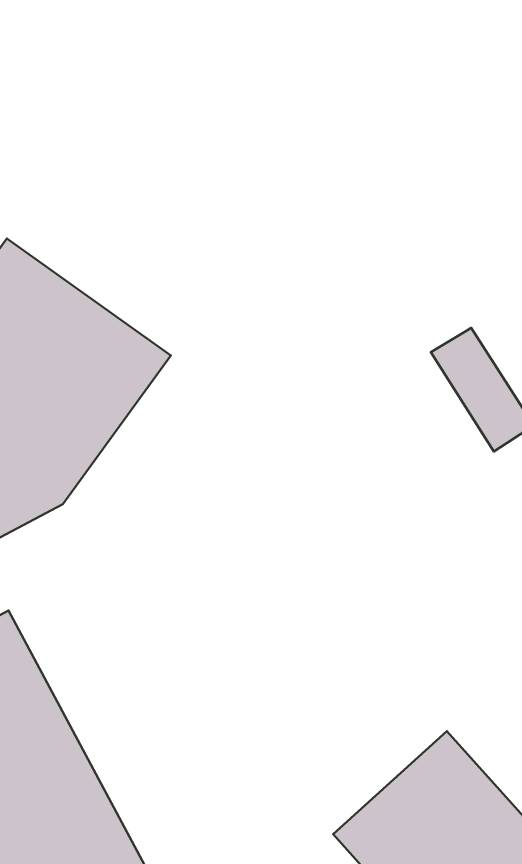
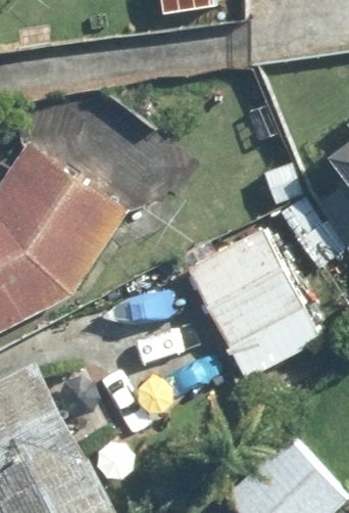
building: none -> [185,229,319,380]

